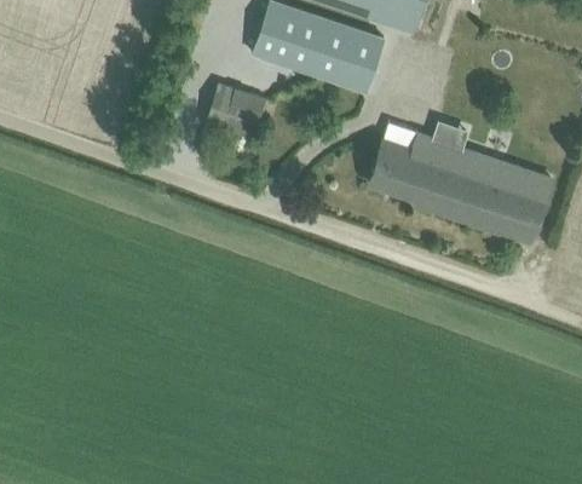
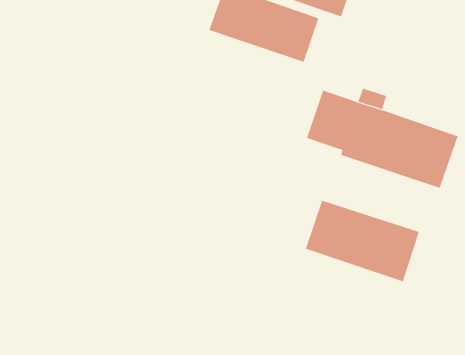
building: [206,82,269,142] -> none
building: none -> [305,200,419,282]

